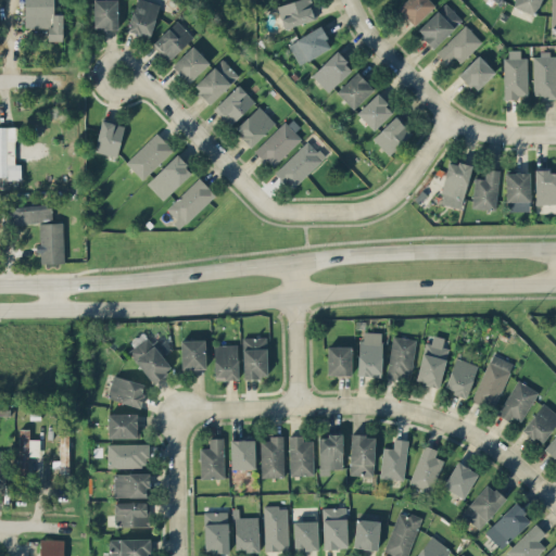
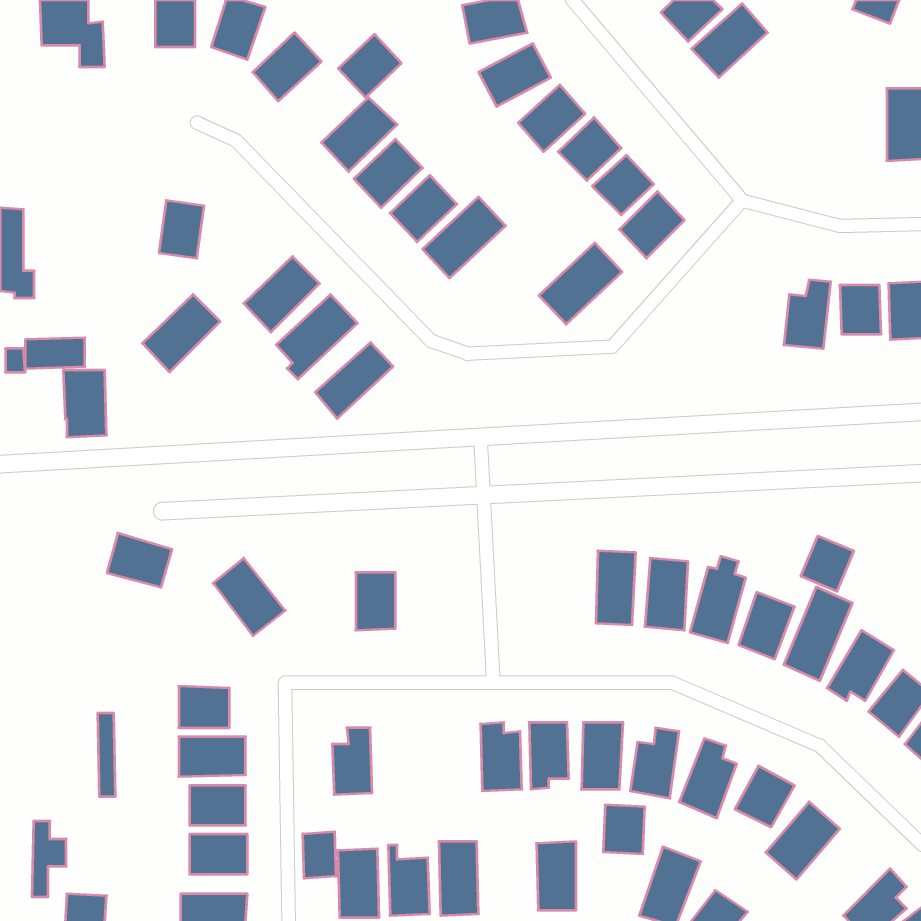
building: [437,25,482,63] -> none
building: [173,46,211,84] -> [338,34,401,97]
building: [505,50,529,100] -> none
building: [459,55,496,91] -> none
building: [127,134,174,180] -> [142,294,220,372]
building: [276,141,326,190] -> [539,243,622,324]
building: [441,162,470,208] -> none
building: none -> [315,342,393,419]
building: none -> [801,536,854,591]
building: [243,338,268,379] -> none
building: [181,340,206,369] -> none
building: [328,346,352,376] -> none
building: [108,375,147,407] -> [107,533,172,587]
building: [20,429,40,475] -> [32,821,66,897]
building: [262,438,286,478] -> none
building: [231,440,255,469] -> none
building: none -> [303,832,336,878]
building: [485,503,532,548] -> none
building: [355,520,380,549] -> [603,805,645,854]
building: [294,521,318,551] -> none

